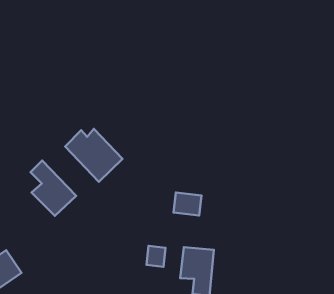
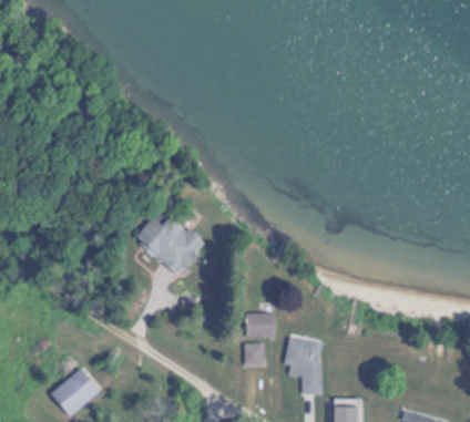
building: [31,160,76,216] -> none
building: [174,193,201,215] -> [244,313,274,337]

